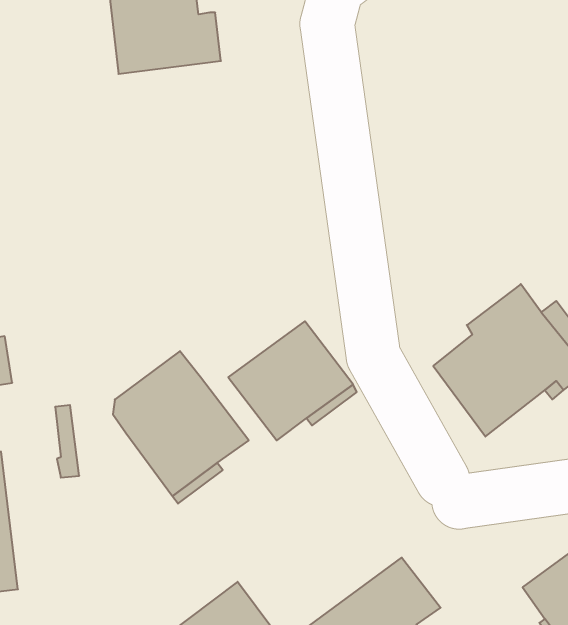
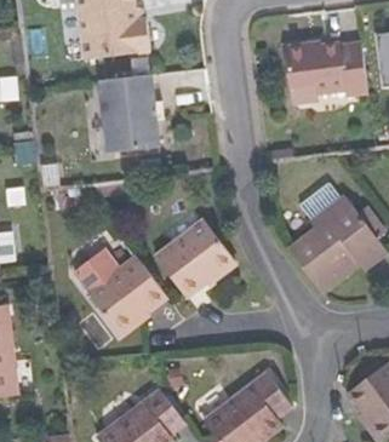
building: none -> [284,41,367,101]
building: none -> [99,74,159,151]

